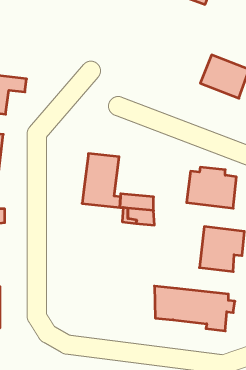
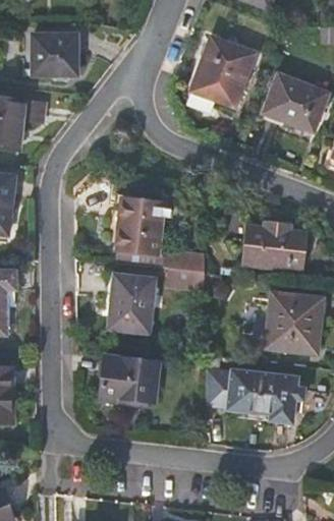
building: none -> [32,36,74,78]
building: none -> [191,41,252,107]
building: none -> [110,275,152,331]
building: none -> [101,356,157,403]

